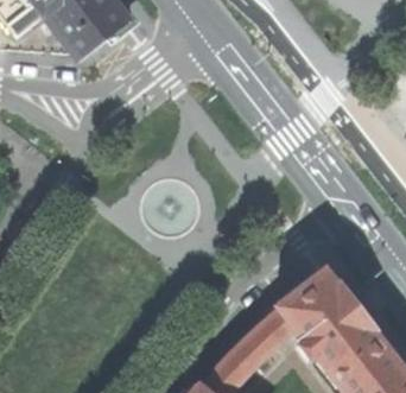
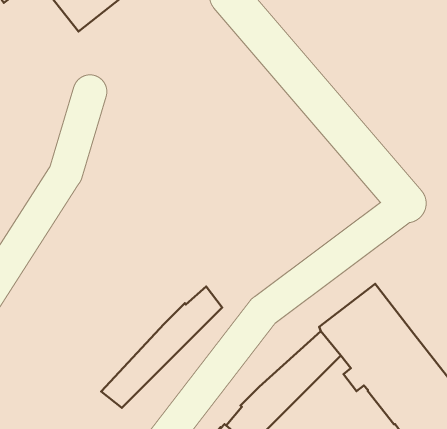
building: none -> [101,286,222,408]

